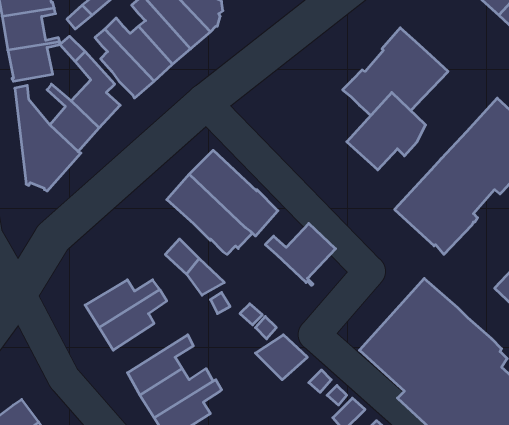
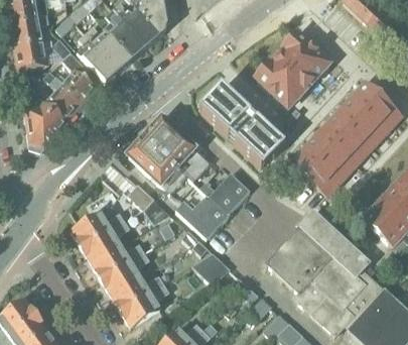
building: none -> [197,85,284,165]
building: none -> [174,194,228,237]
building: none -> [90,243,143,278]

